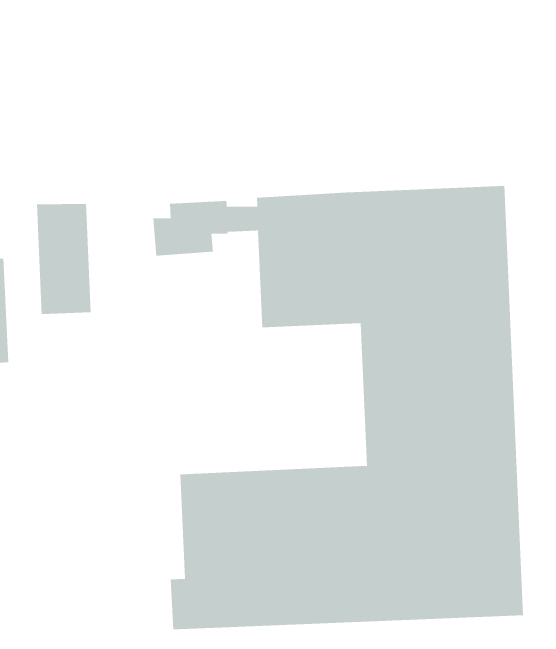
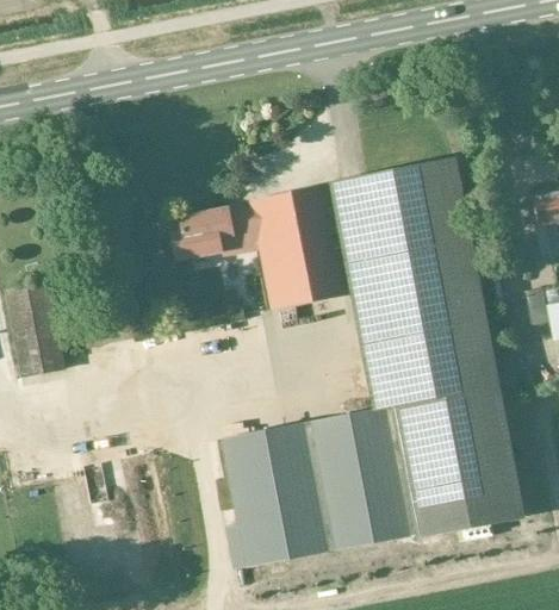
building: [36,203,91,315] -> none

